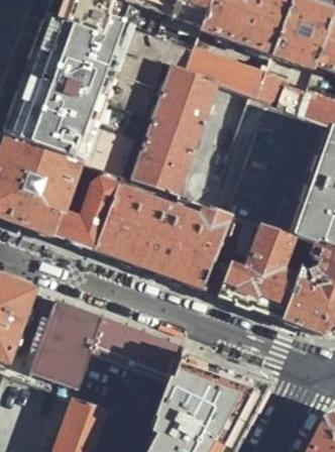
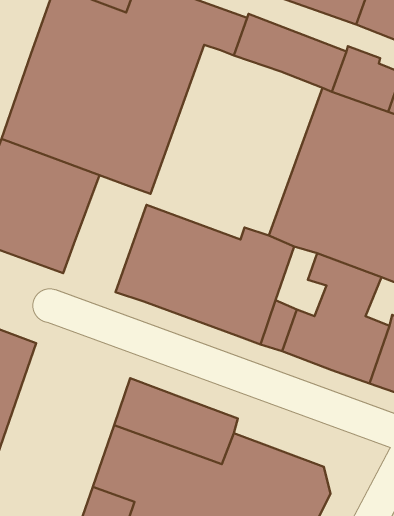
building: [131,69,218,197] -> none
building: [54,172,120,250] -> none
building: [28,299,105,397] -> none

